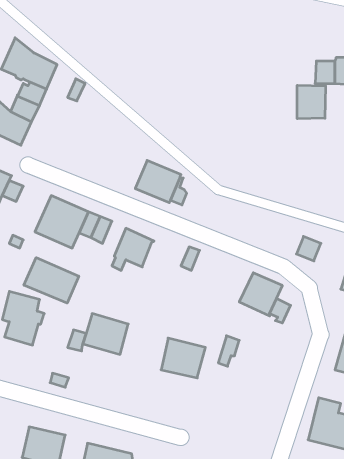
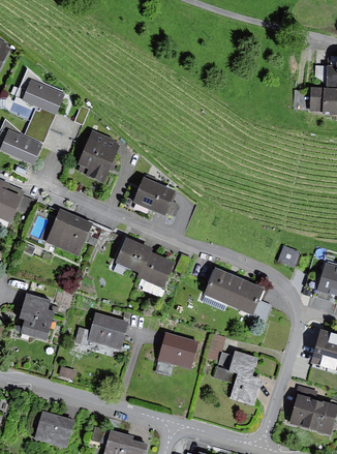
building: [297,85,326,119] -> none
building: none -> [75,131,116,178]
building: none -> [137,250,176,298]
building: [24,258,79,303] -> none
building: none -> [204,267,239,303]
building: none -> [215,351,262,406]

